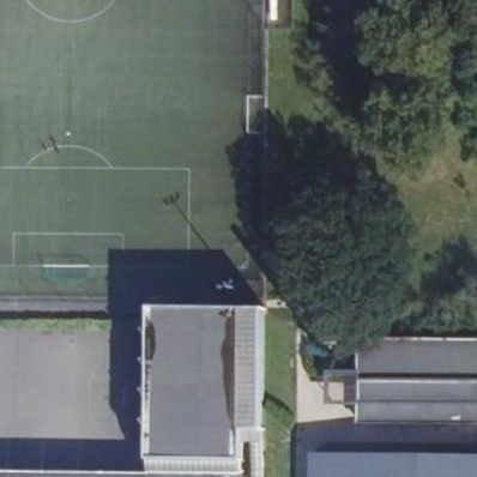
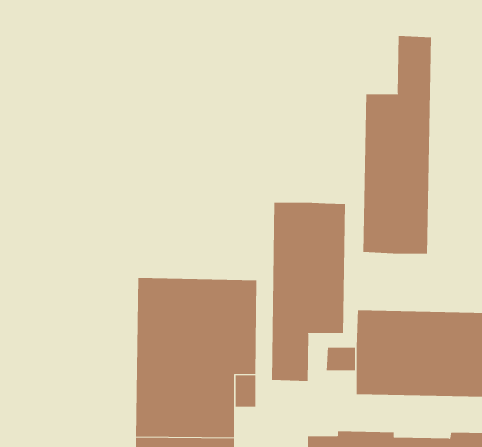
building: none -> [363,35,431,254]
building: none -> [271,202,346,382]

